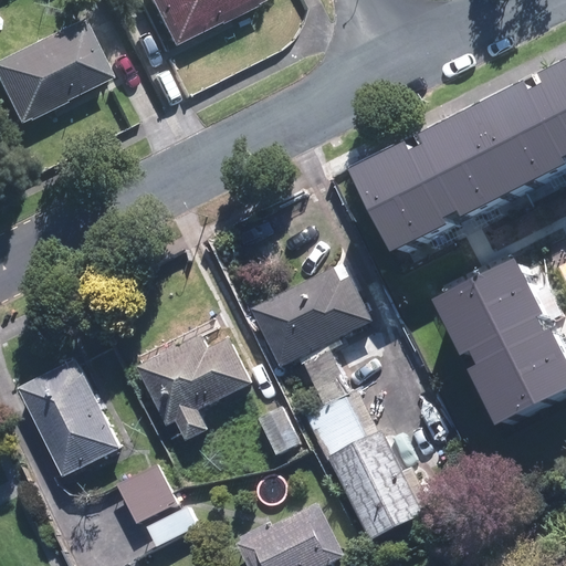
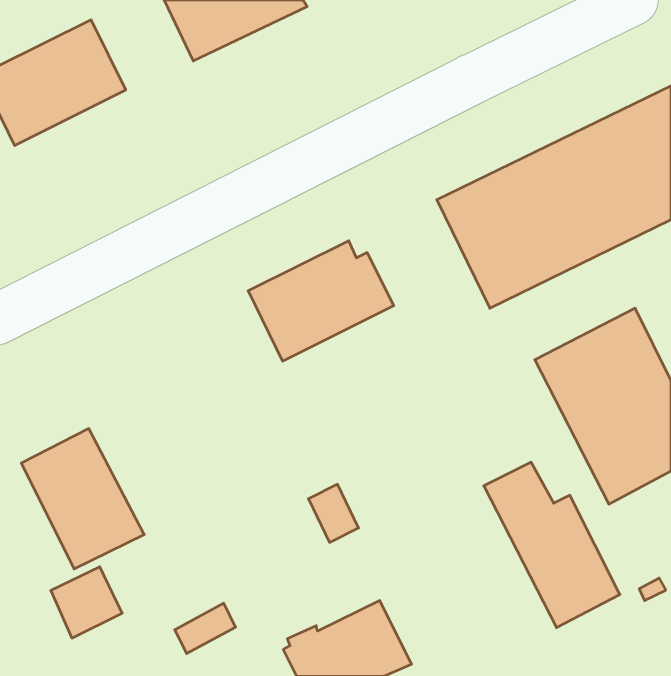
building: [250,265,371,366] -> [248,241,394,361]
building: [136,334,251,439] -> none
building: [307,402,421,541] -> [484,462,620,628]
building: [118,463,178,523] -> [51,567,122,638]

